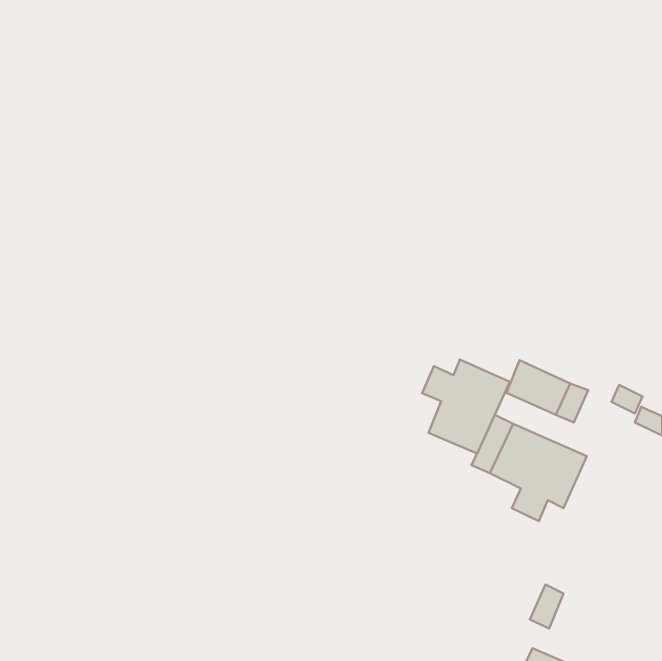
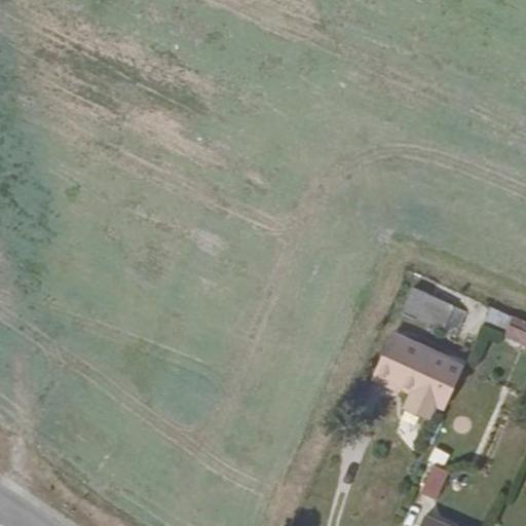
building: [422,359,510,453] -> none

